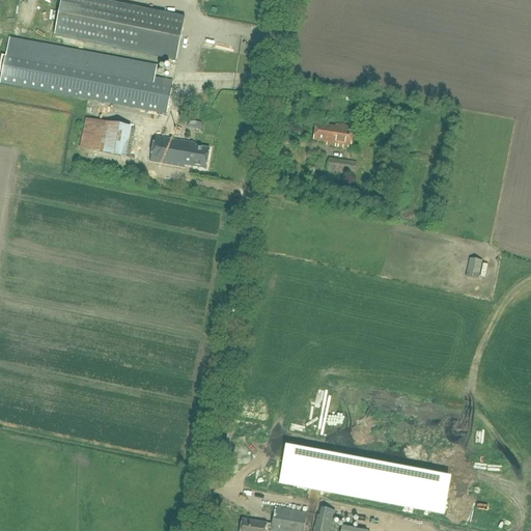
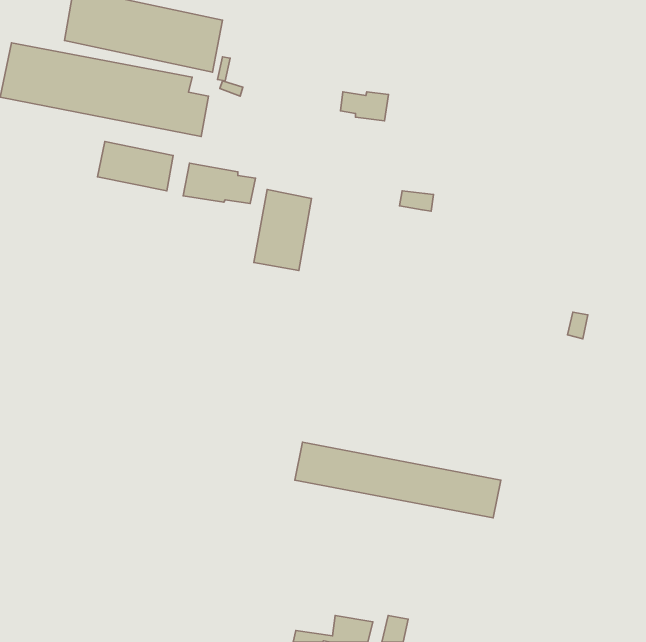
building: [314,122,354,146] -> [340,92,388,121]
building: none -> [254,190,312,270]
building: [280,448,449,510] -> [295,442,501,518]

